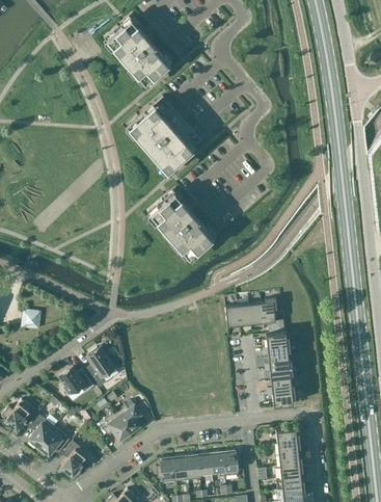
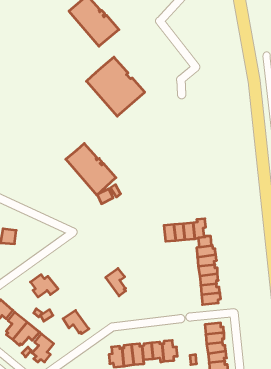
building: [151,193,213,258] -> [66,143,116,195]
building: [87,348,114,387] -> none
building: [115,401,140,435] -> [106,268,126,296]

